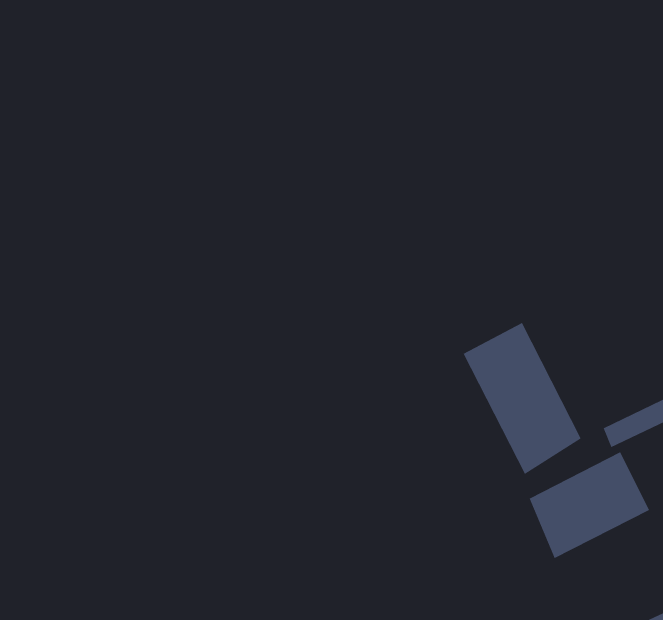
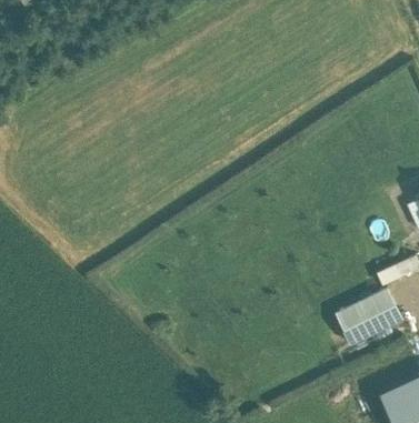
building: [463,322,582,475] -> none

